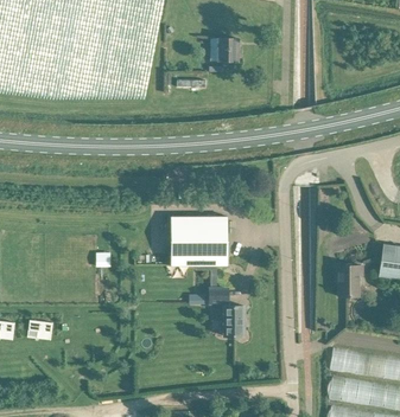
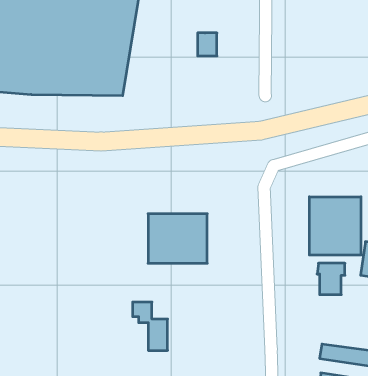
building: none -> [309,197,361,255]
building: [208,288,242,335] -> [133,302,168,350]

